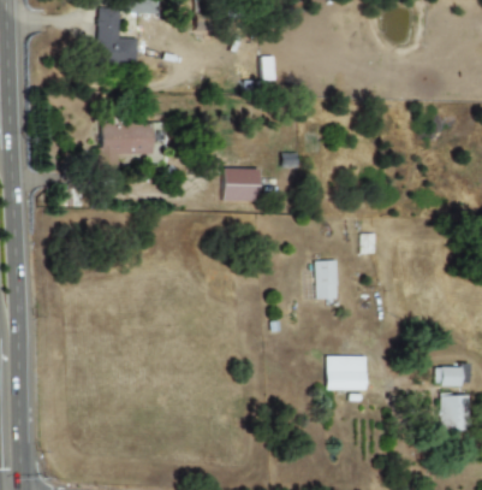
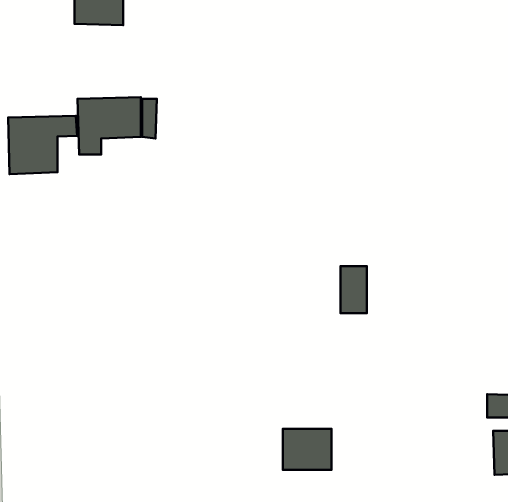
building: none -> [8,116,77,174]
building: [224,169,260,201] -> none
building: [326,356,365,390] -> [283,429,331,470]

